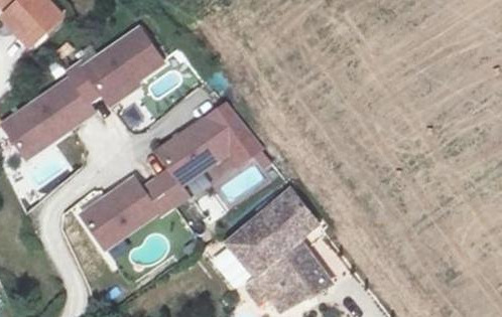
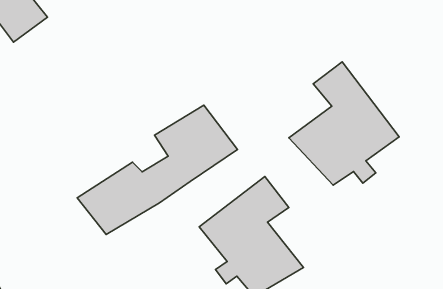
building: [10,15,182,153] -> none
building: none -> [289,62,399,185]

